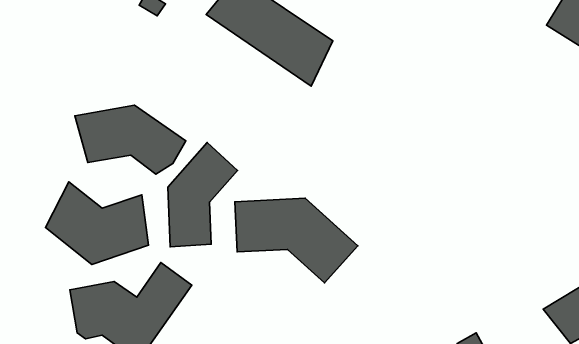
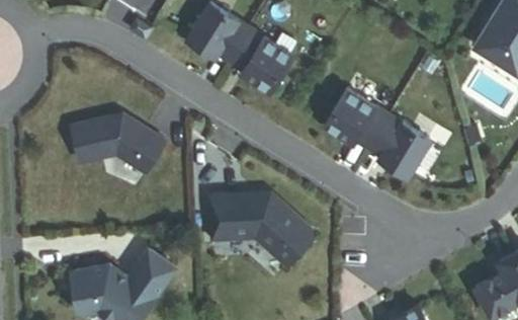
building: none -> [328,92,430,179]
building: [168,143,237,247] -> none
building: [45,182,149,264] -> none

